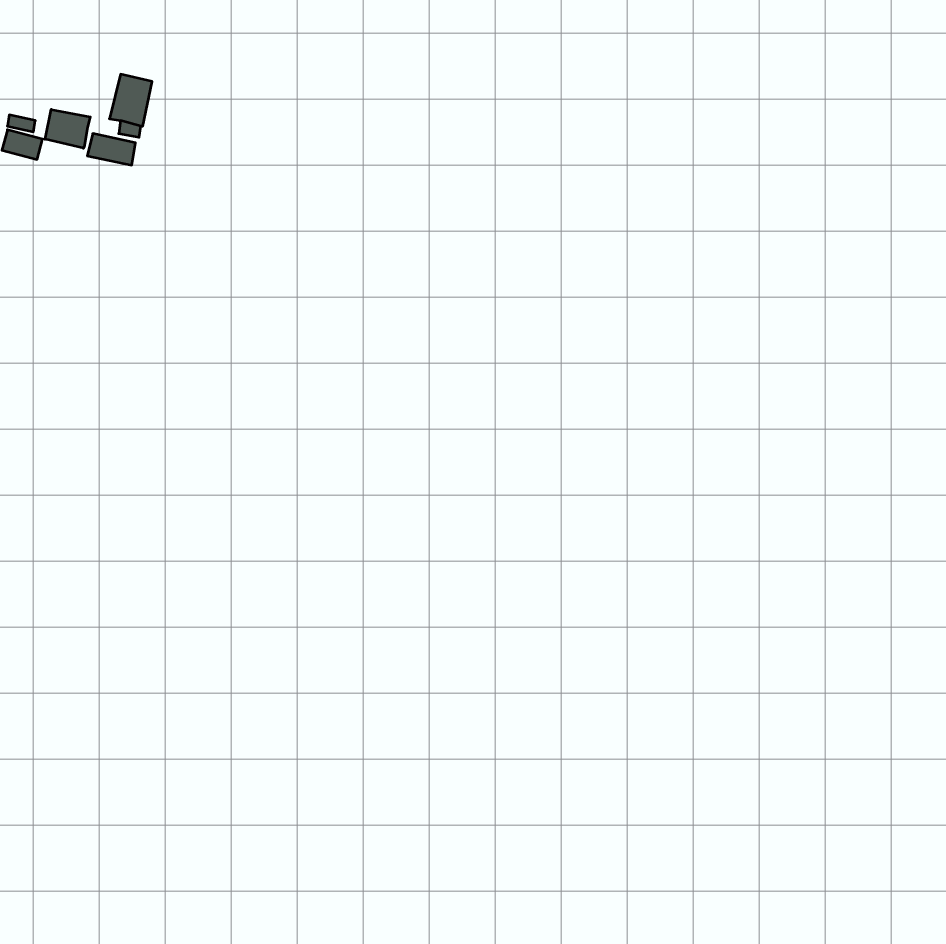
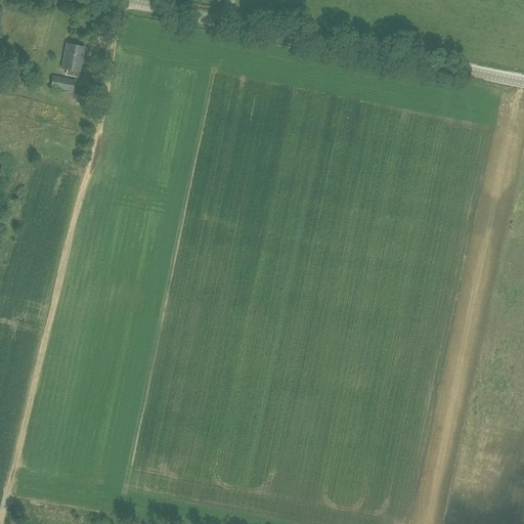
building: [45,109,90,148] -> none

